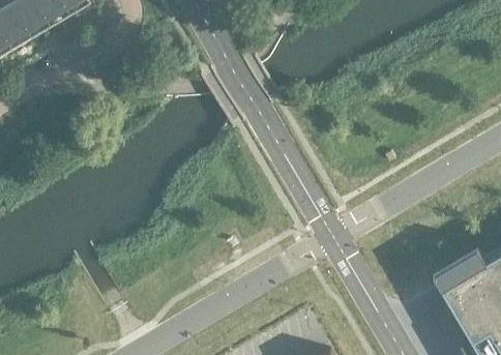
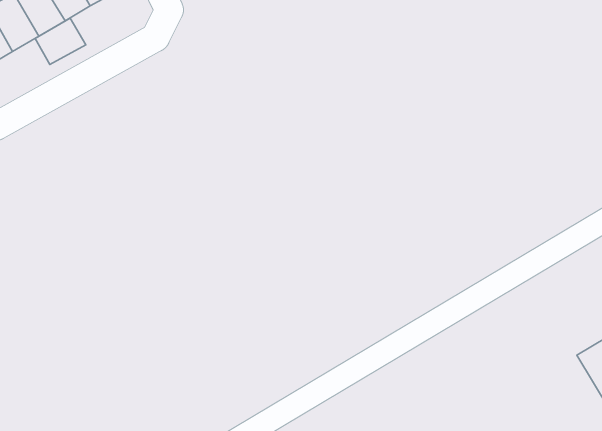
building: none -> [35,18,86,64]

